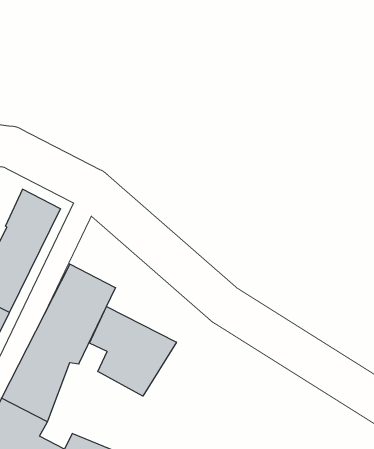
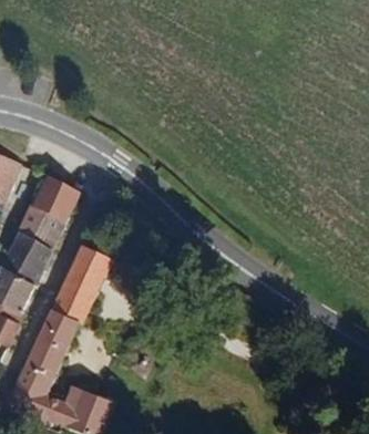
building: [89,306,176,396] -> none

